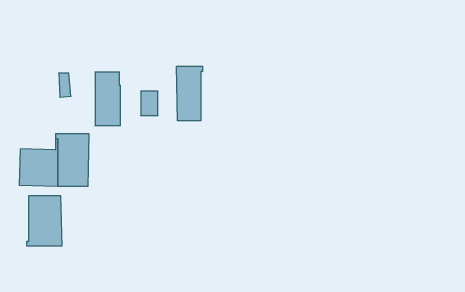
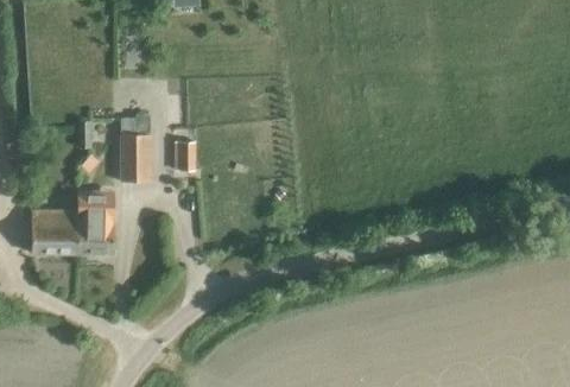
building: [177,66,202,121] -> none
building: [27,196,62,246] -> none

